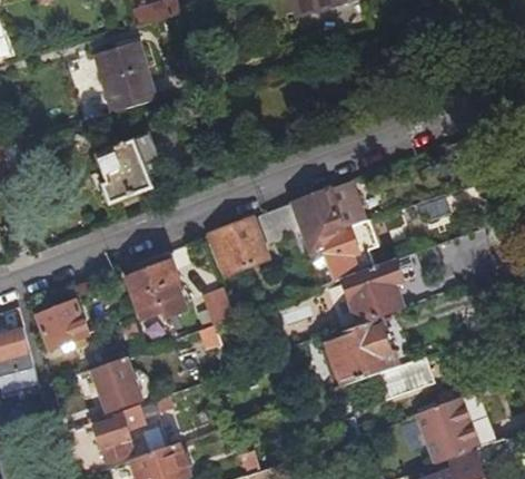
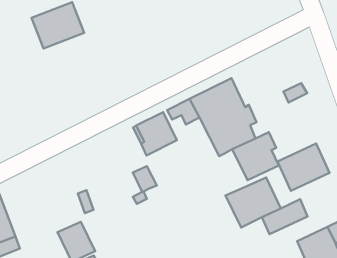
building: [99,134,168,203] -> none
building: [126,261,180,319] -> none
building: none -> [277,143,329,191]
building: [36,300,87,348] -> none

